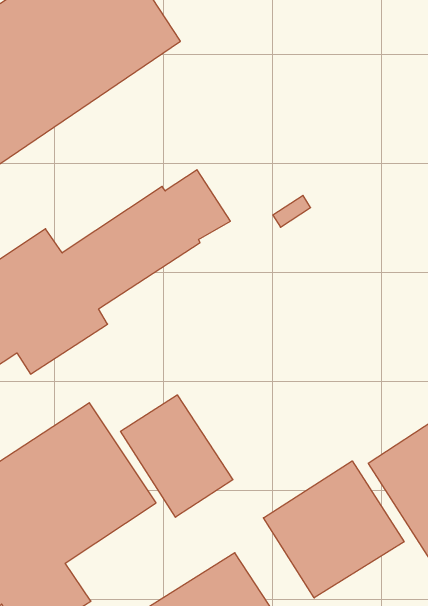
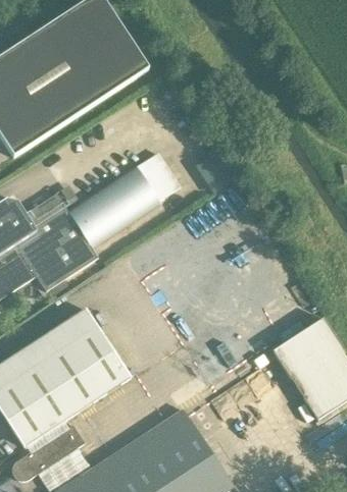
building: [121,395,233,517] -> none
building: [263,461,404,598] -> none

